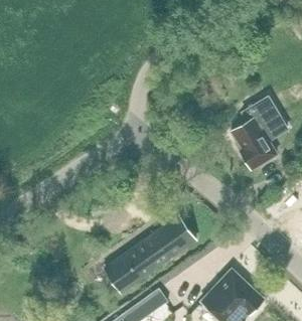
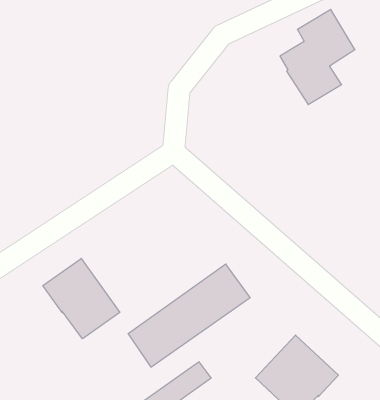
building: [230,98,286,169] -> [280,9,355,105]
building: none -> [43,258,120,339]

